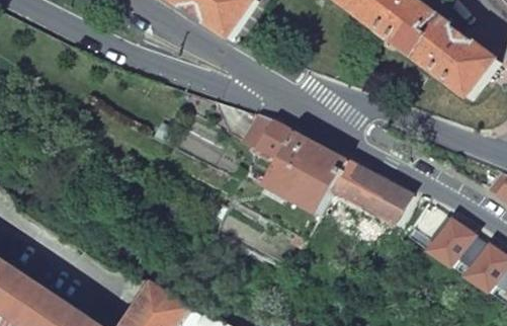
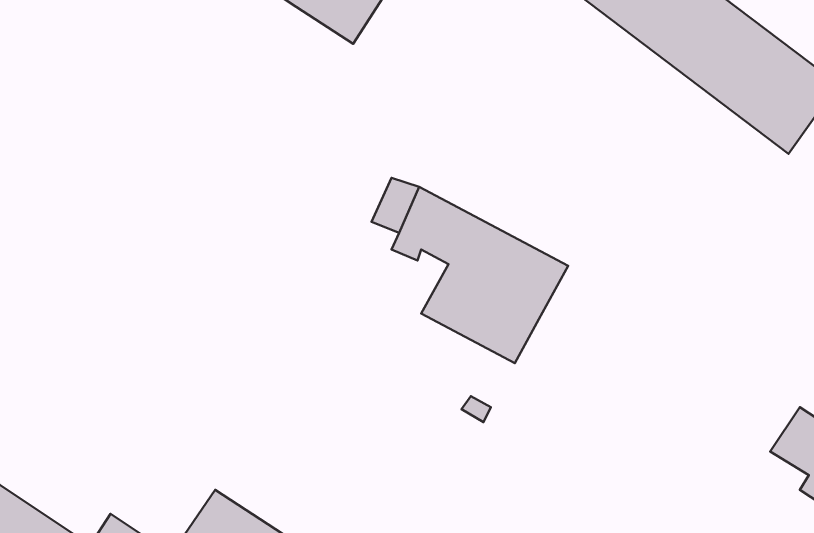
building: [332,161,412,225] -> none
building: [410,206,476,270] -> none

